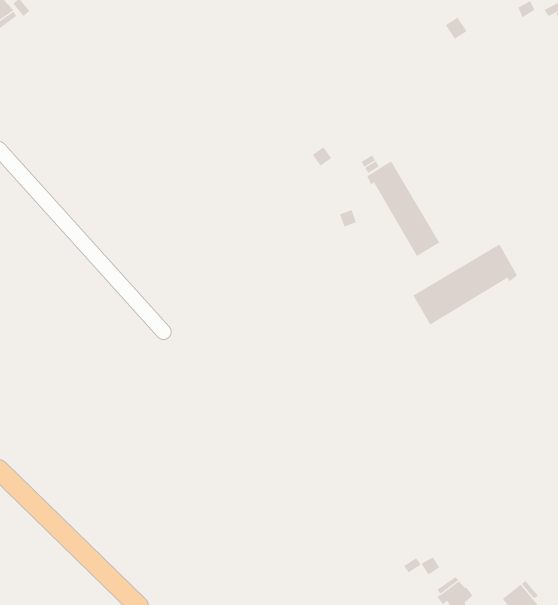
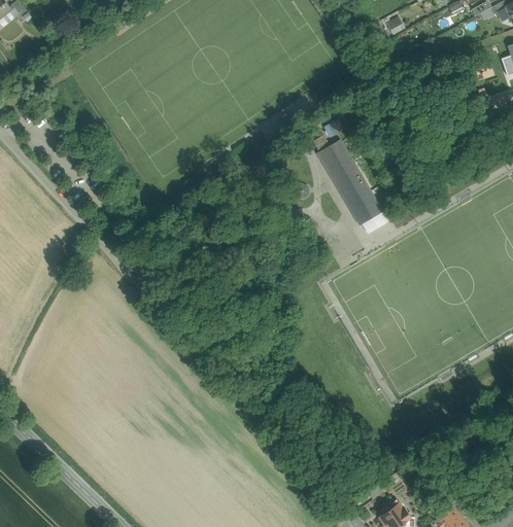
building: [412,244,518,326] -> none

